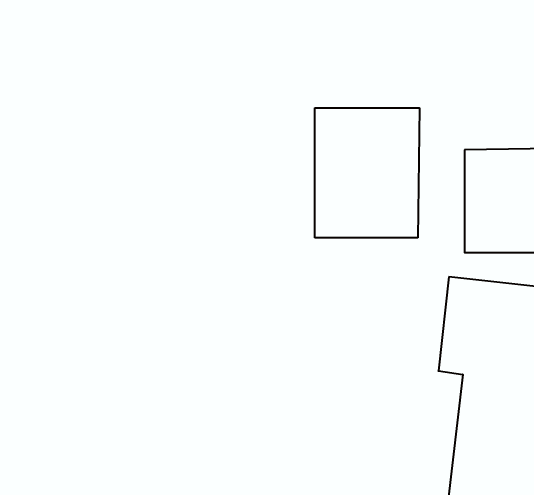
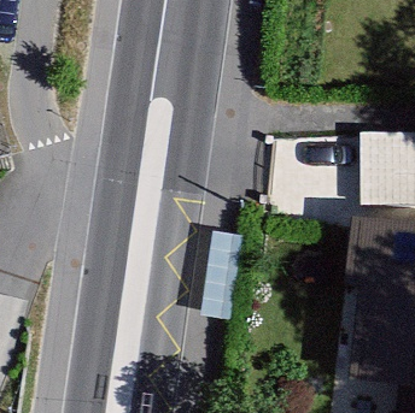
building: [315,108,419,238] -> none

